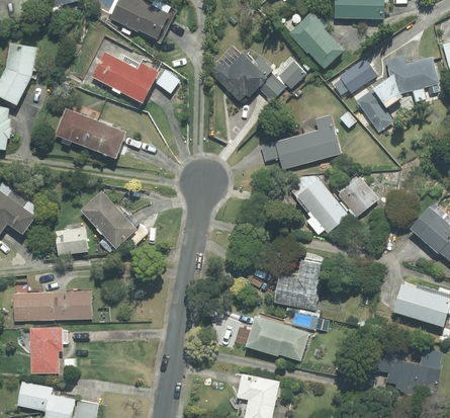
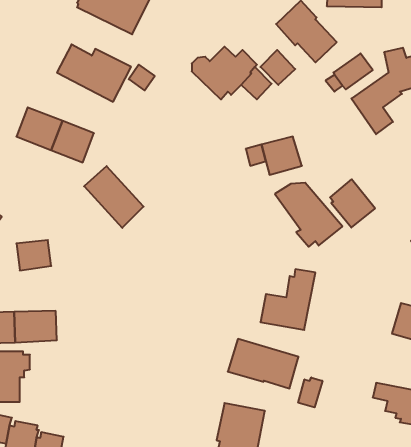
building: [303,114,341,161] -> none
building: [81,192,134,248] -> [84,166,144,228]
building: none -> [298,377,322,407]

